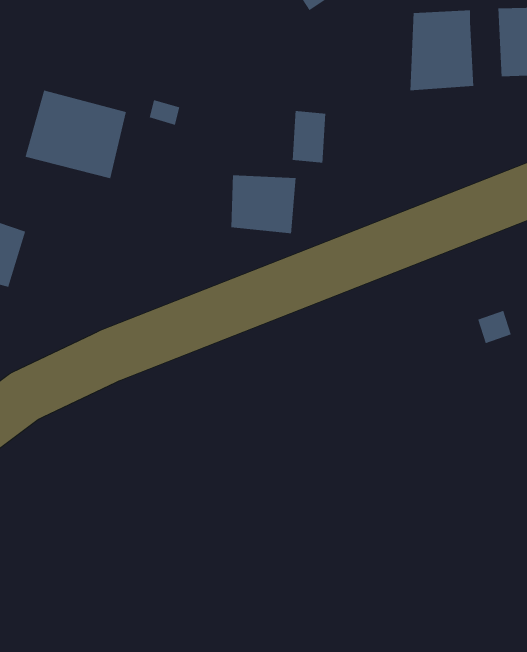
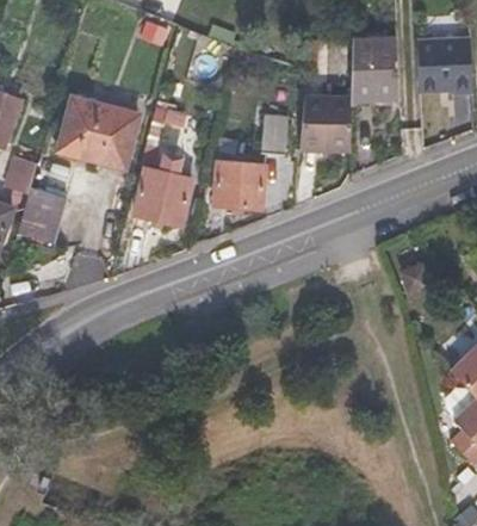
building: none -> [298,101,351,157]
building: none -> [134,126,192,224]

